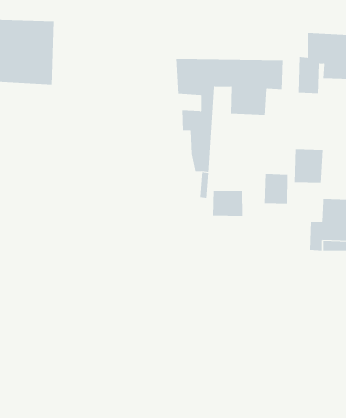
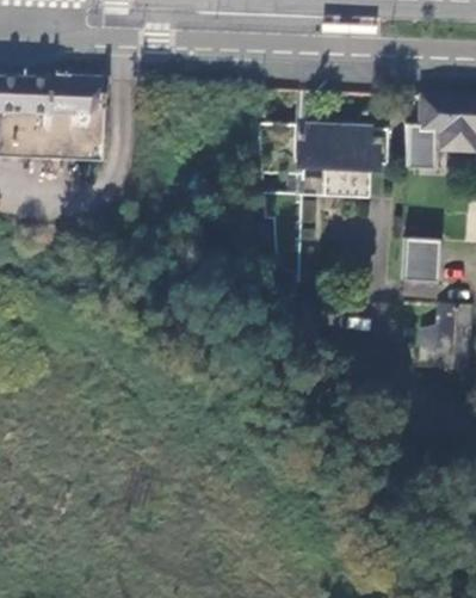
building: [264,173,288,205] -> none
building: [213,190,243,217] -> none

